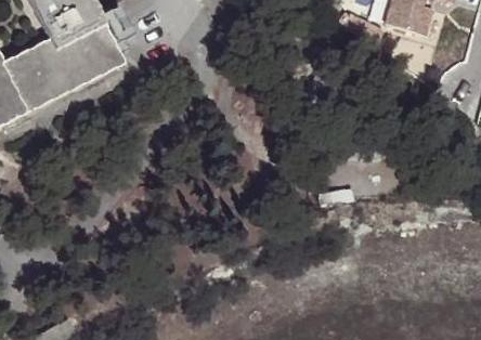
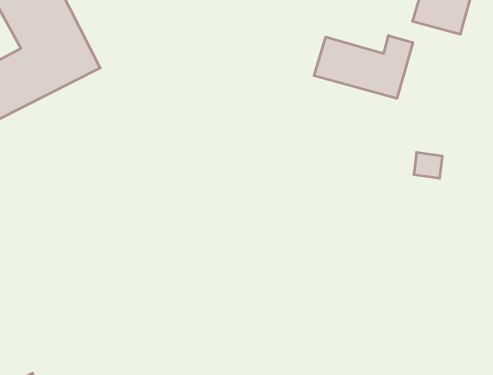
building: none -> [314,35,413,98]

